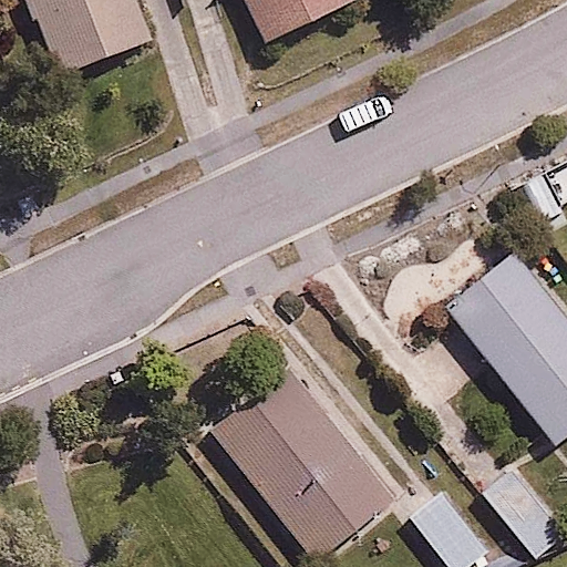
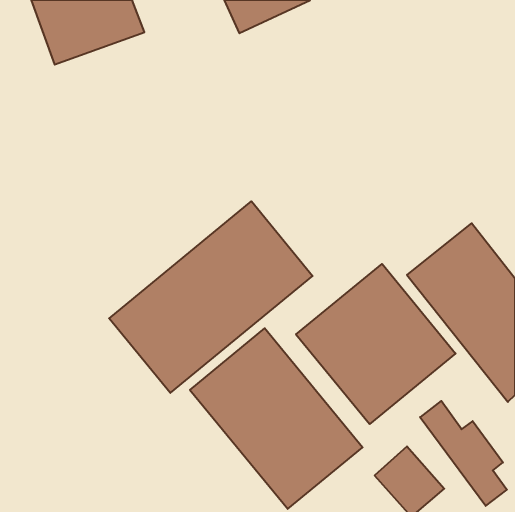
building: none -> [109,201,313,393]
building: none -> [296,264,456,424]

